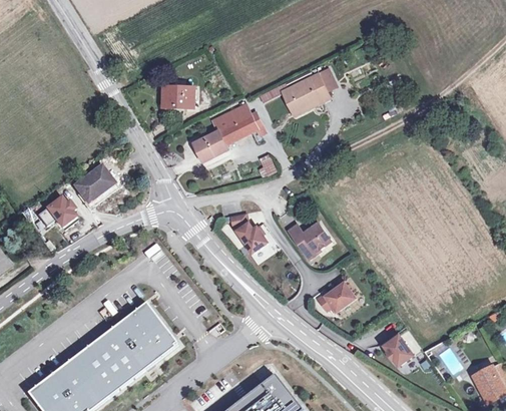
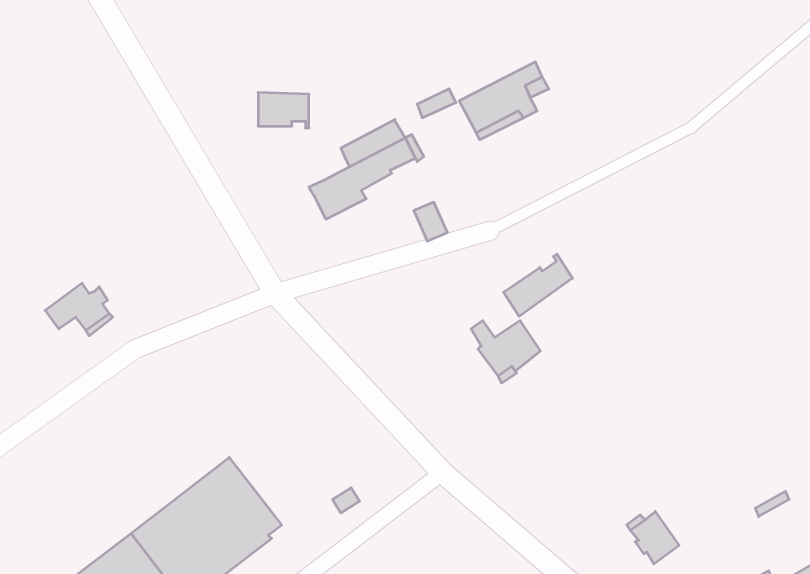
building: [74,164,113,202] -> none
building: none -> [504,254,573,316]
building: [230,211,267,251] -> none
building: [319,281,356,311] -> none

